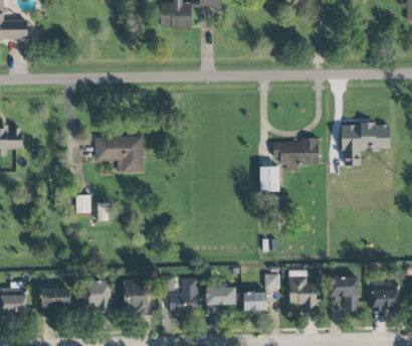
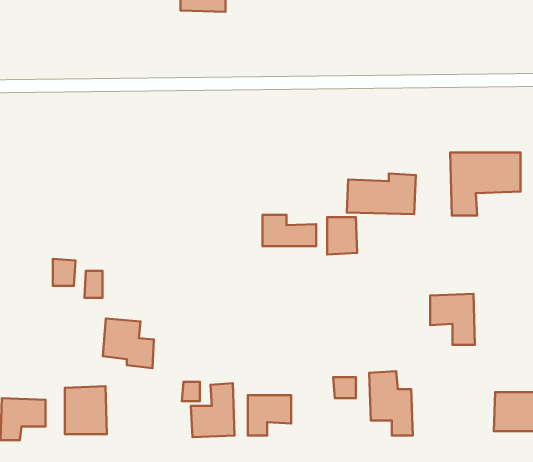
building: [94,135,144,172] -> none
building: none -> [262,215,316,246]
building: [330,277,360,311] -> [430,294,475,345]
building: [125,281,159,314] -> [103,319,154,368]
building: [244,292,267,313] -> none

